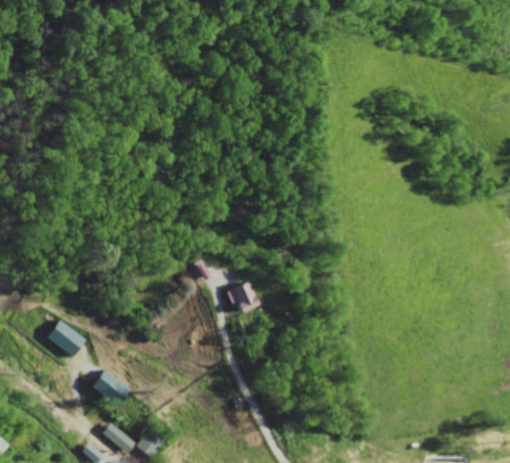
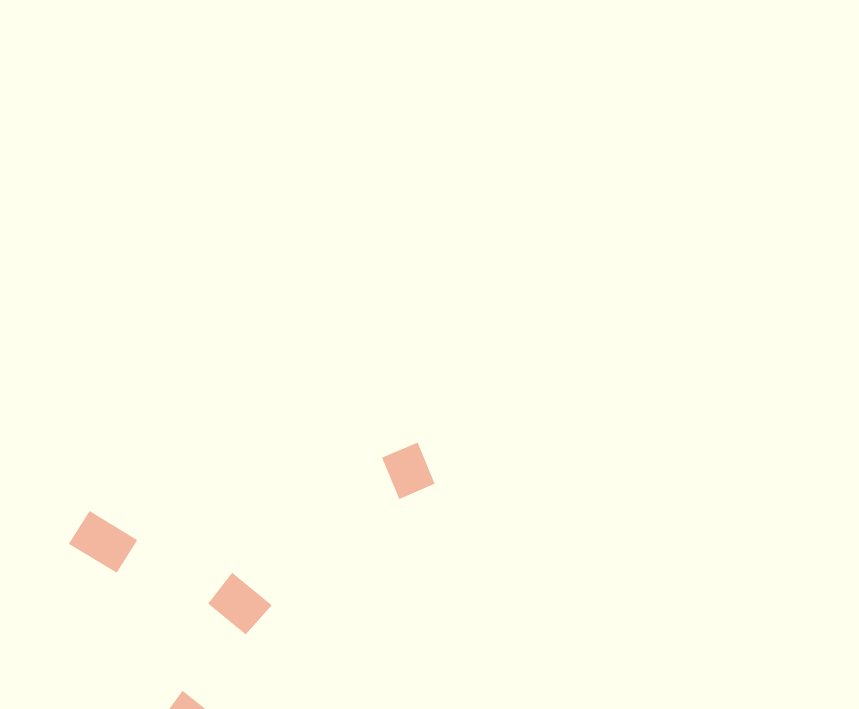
building: [90,368,127,404] -> [207,572,272,635]

